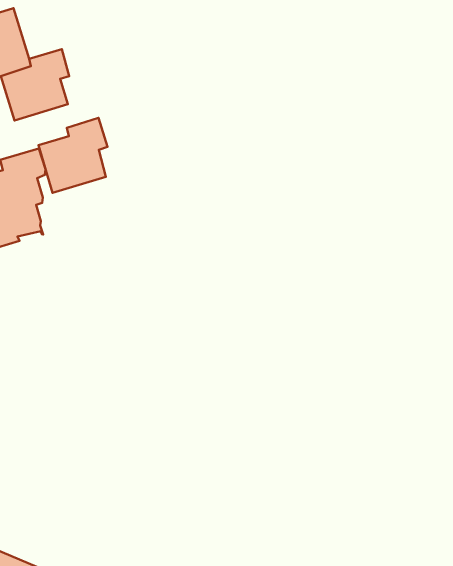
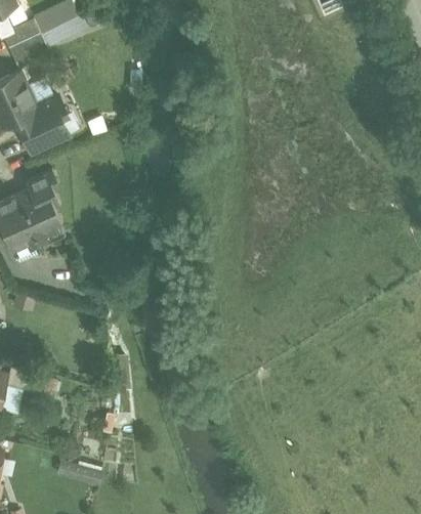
building: [39,118,107,193] -> none

